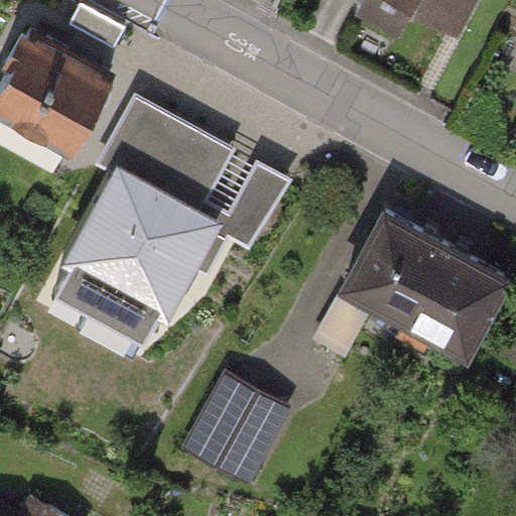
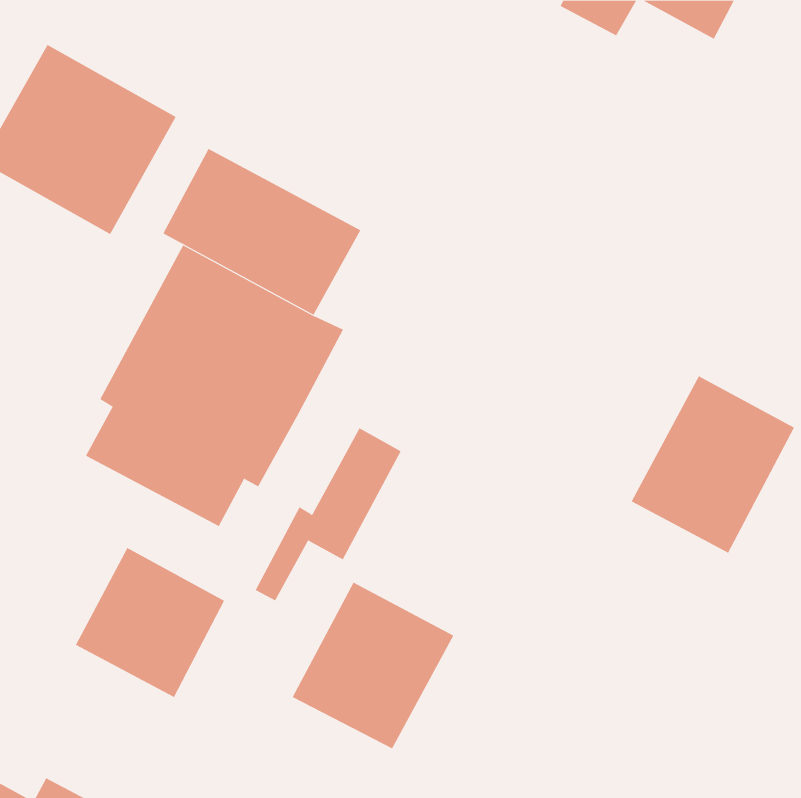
building: [191,165,285,276] -> [255,428,402,601]
building: [314,212,446,356] -> none
building: none -> [75,547,225,698]

